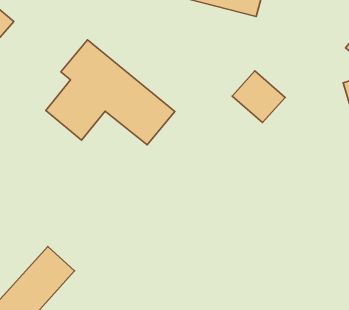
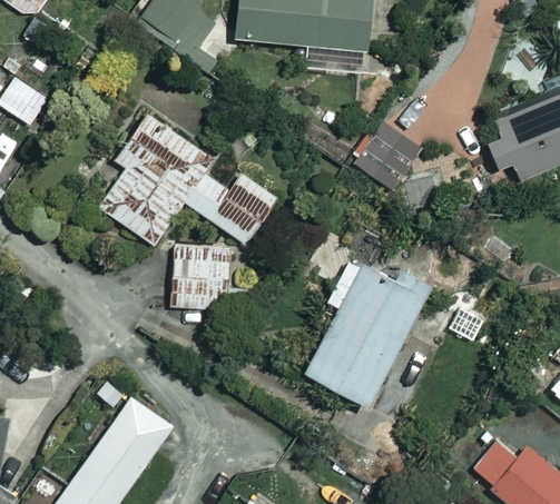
building: none -> [169,248,229,308]
building: none -> [307,264,433,406]

